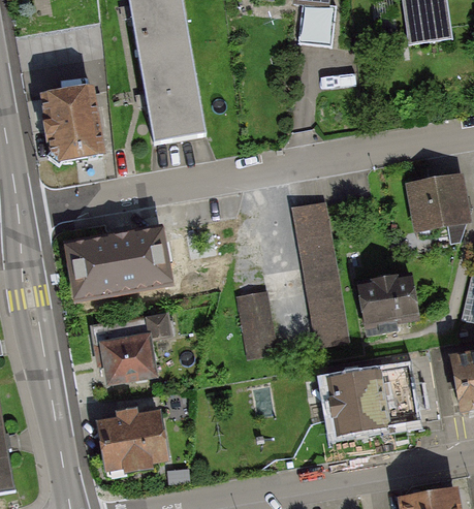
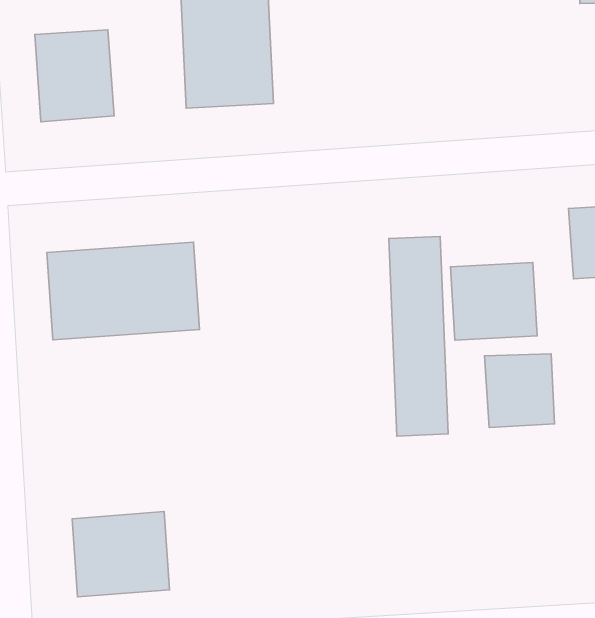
building: none -> [451,263,537,340]
building: [239,290,275,352] -> none
building: [94,318,161,384] -> none
building: [322,363,419,431] -> none

